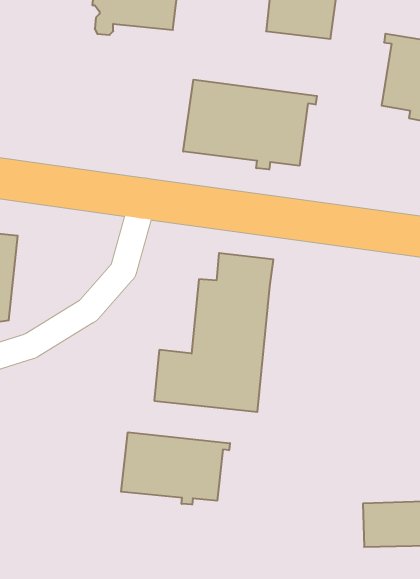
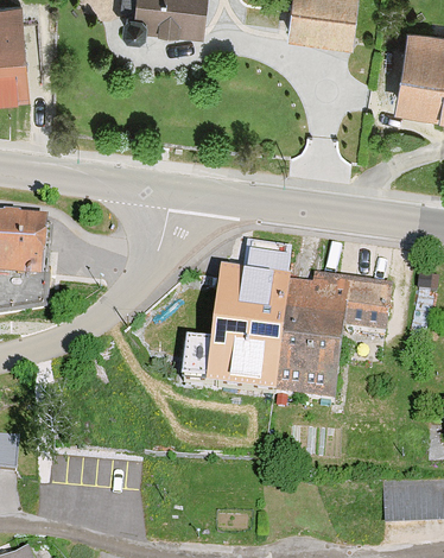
building: [183,80,317,170] -> none
building: none -> [279,277,387,402]
building: [121,432,230,505] -> none

